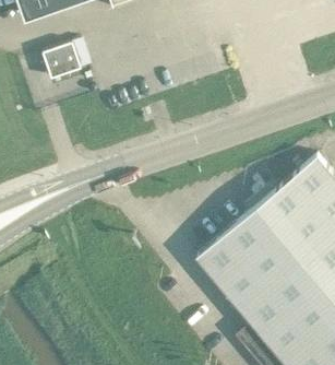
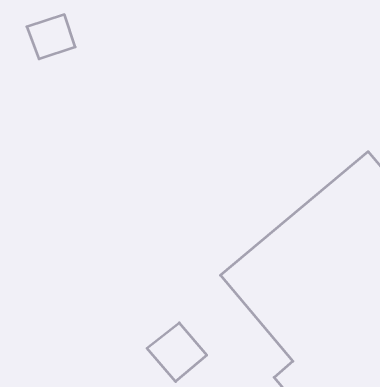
building: none -> [147,323,207,382]

